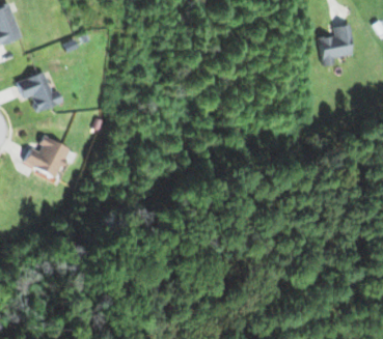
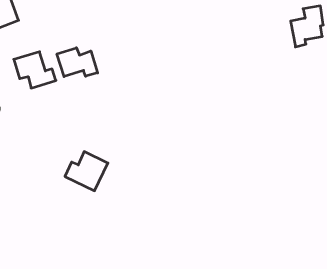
building: none -> [57,48,98,77]
building: [23,136,70,178] -> [65,152,108,191]

